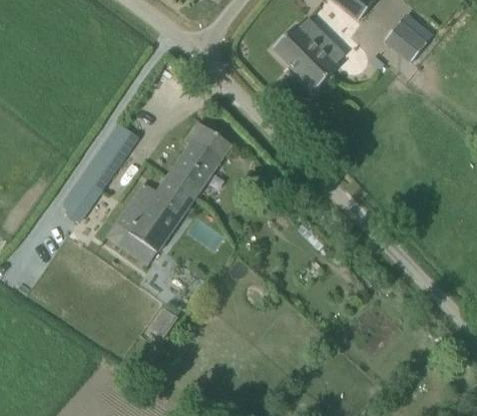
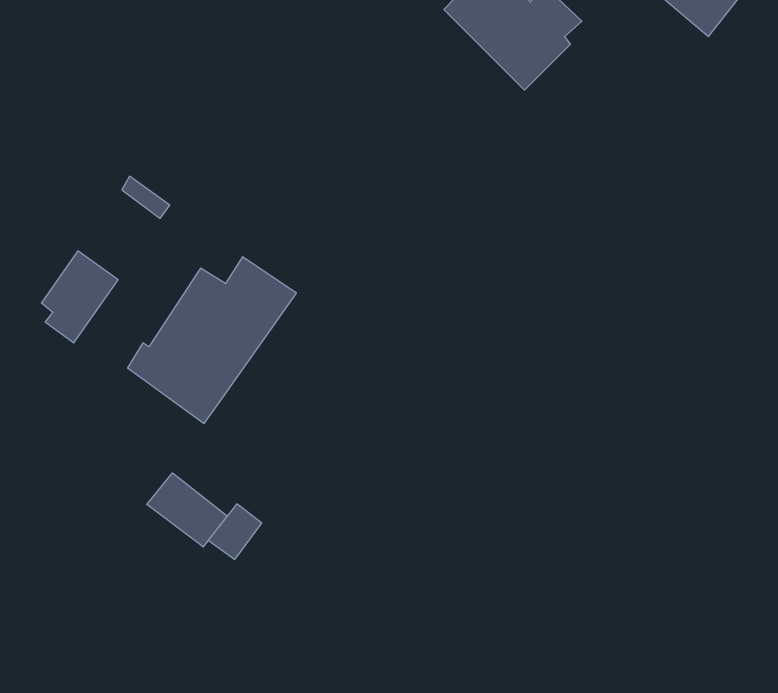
building: [167,120,231,195] -> none
building: [81,150,118,188] -> none
building: none -> [147,473,227,547]

